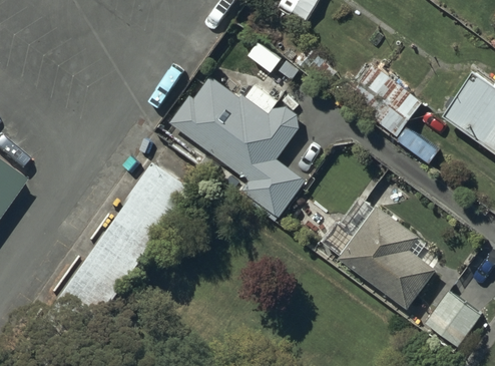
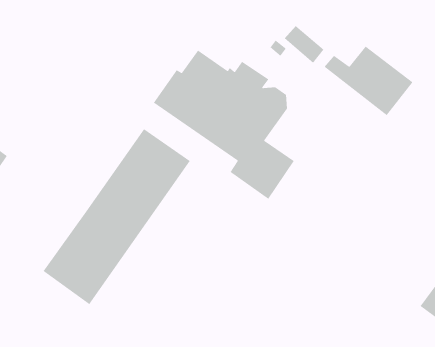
building: [338,206,438,311] -> none

